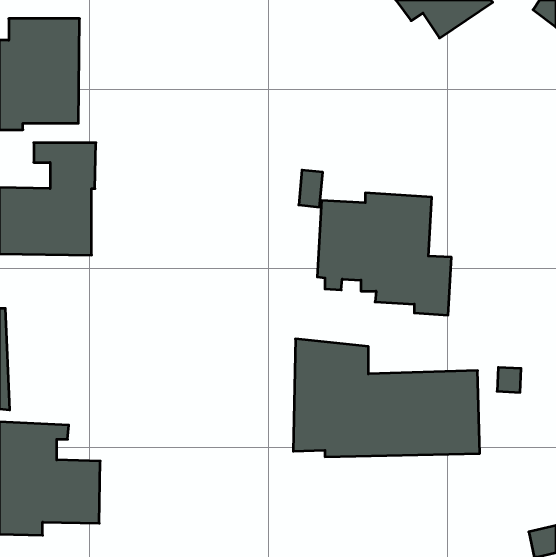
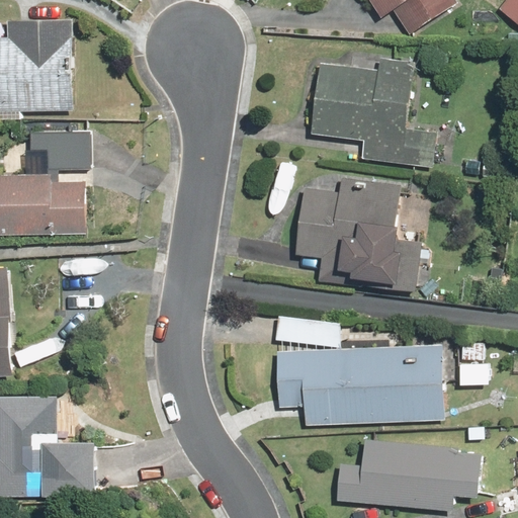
building: none -> [310,58,438,167]
building: none -> [333,438,479,512]

